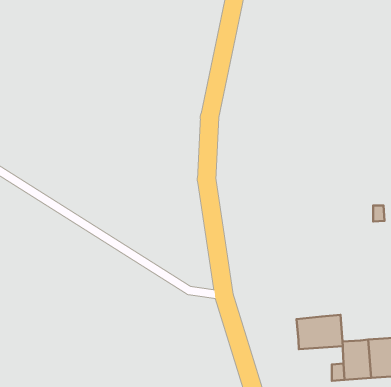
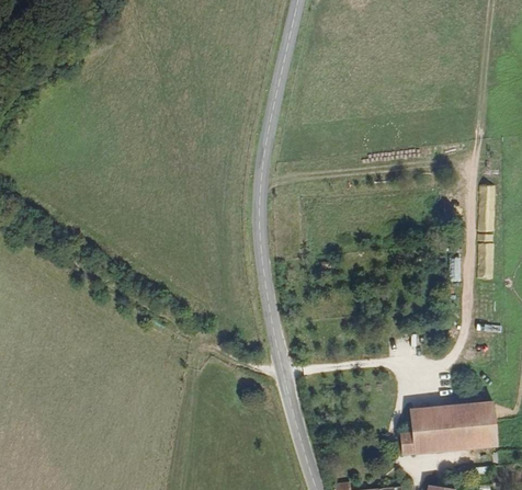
building: [297,315,343,349] -> none

